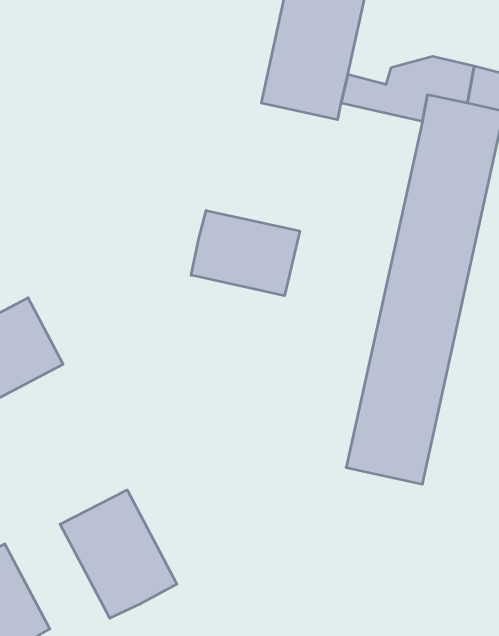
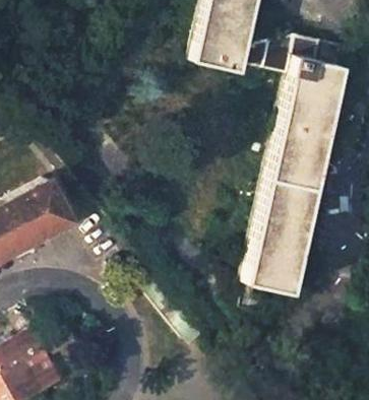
building: [191,210,300,296] -> none
building: [60,490,177,618] -> none

